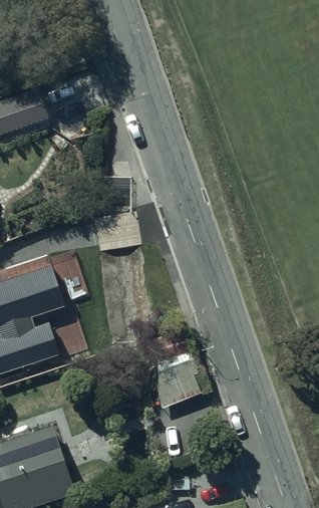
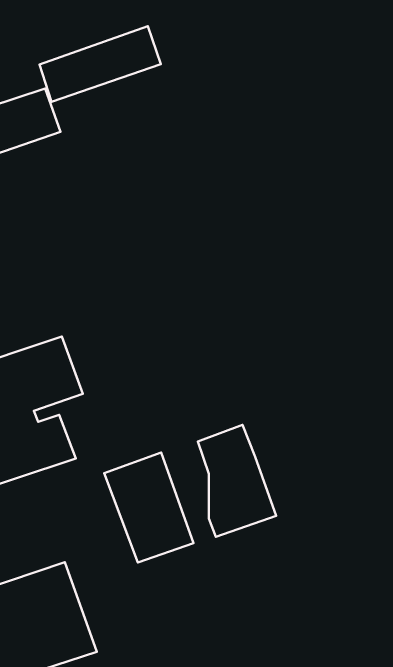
building: none -> [39,26,161,102]
building: none -> [104,453,193,563]

